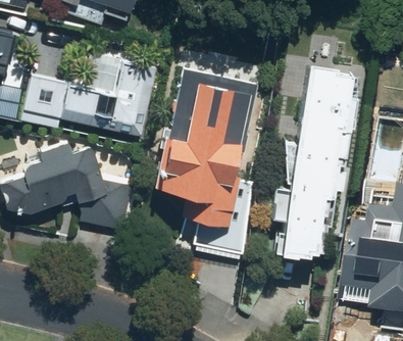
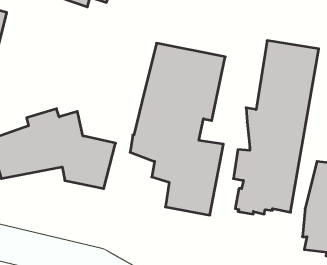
building: [19,52,153,135] -> none

